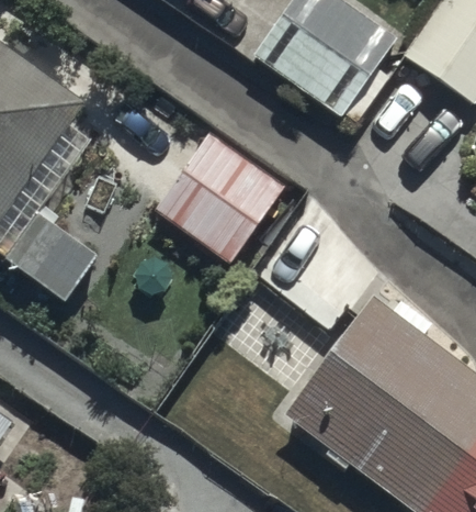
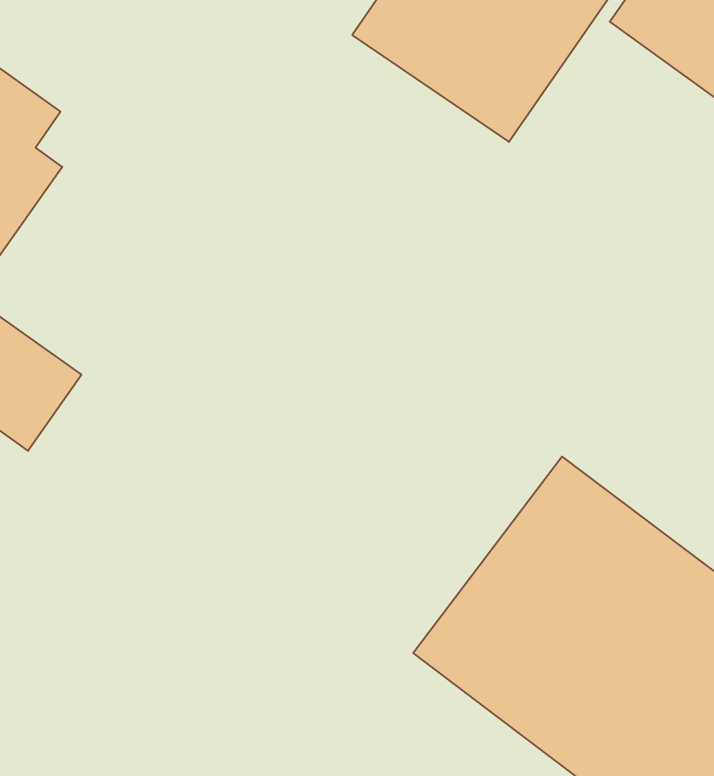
building: [152,132,283,263] -> none

